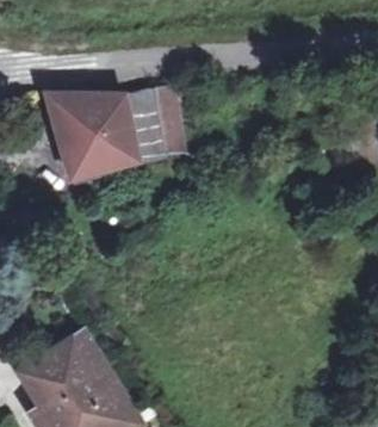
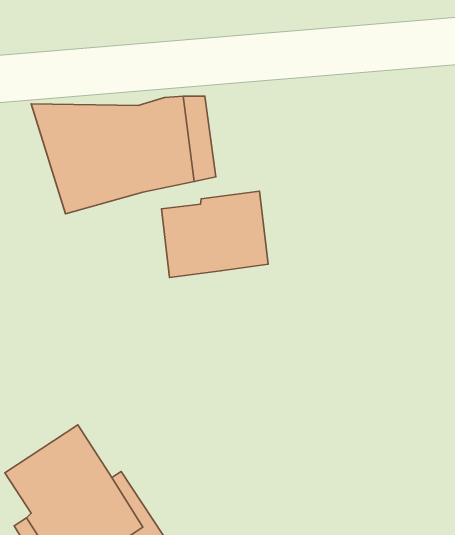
building: none -> [161,191,268,277]

